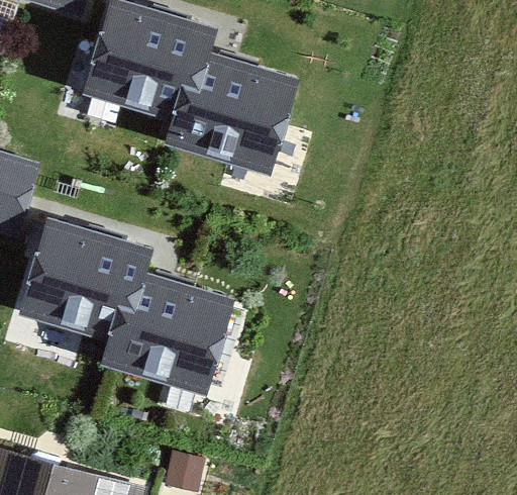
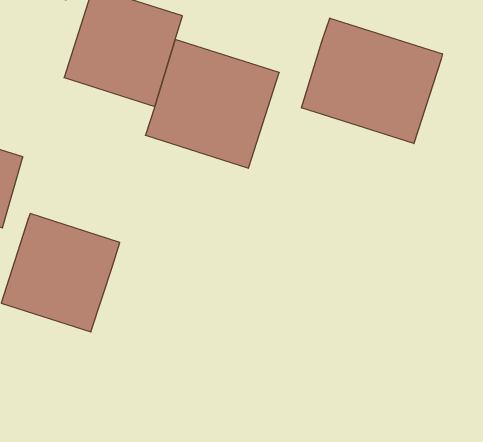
building: none -> [301,18,442,144]
building: [100,271,231,397] -> none

